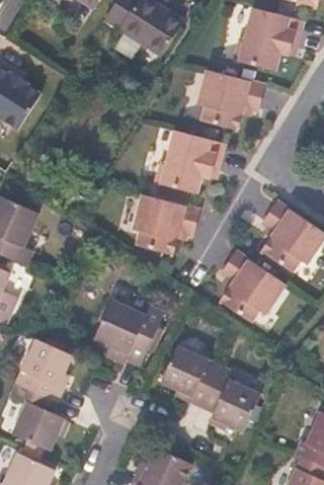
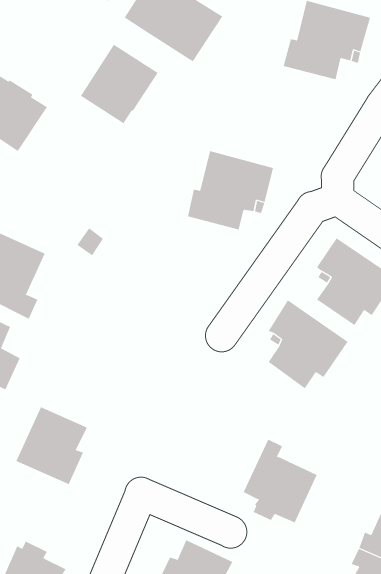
building: none -> [80,44,159,124]
building: [196,70,264,131] -> none
building: [132,194,199,256] -> none
building: [93,299,166,367] -> none
building: [160,345,221,408] -> none
building: [9,383,66,457] -> none

